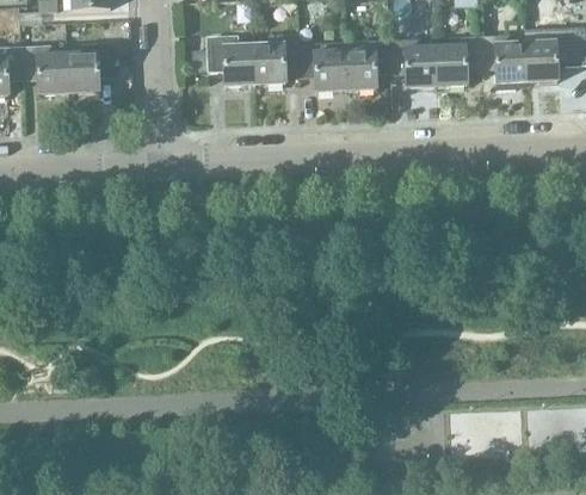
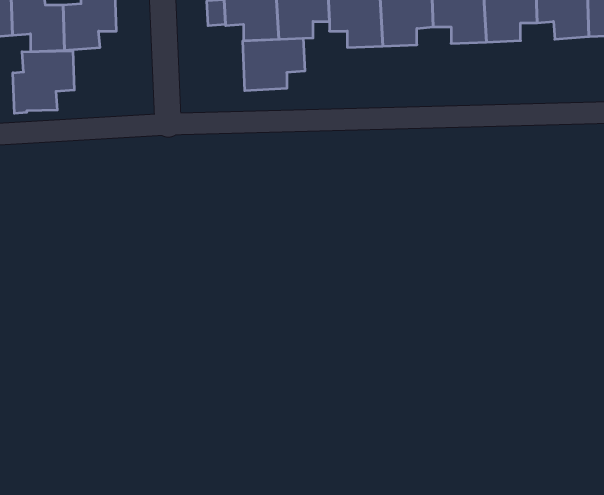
building: none -> [243,38,305,91]
building: none -> [13,51,74,113]

